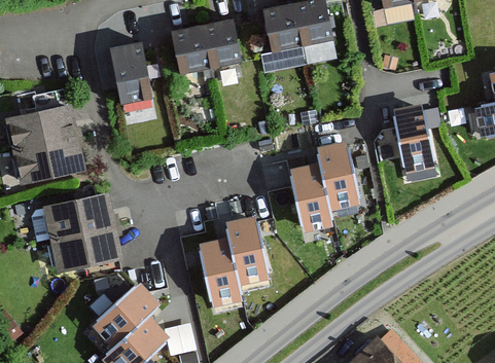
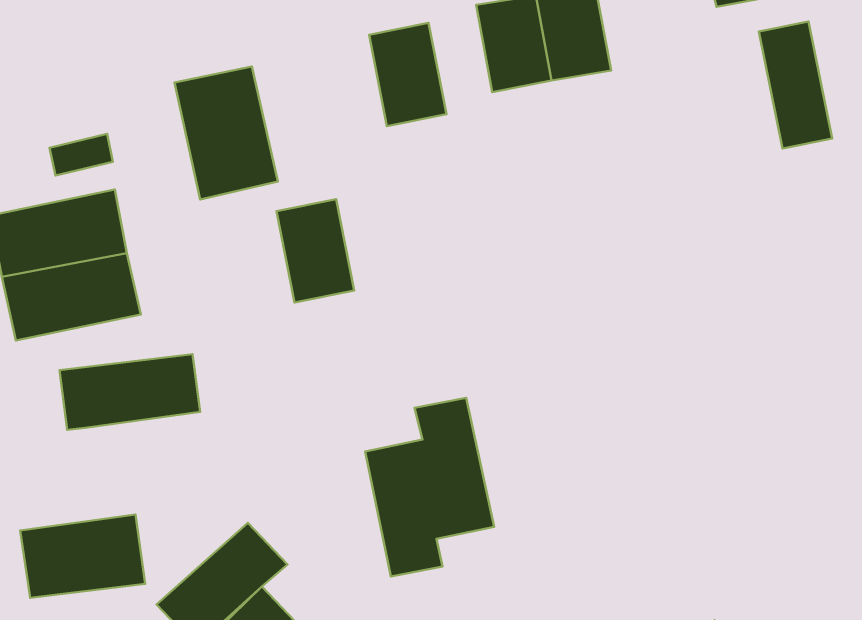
building: [172,29,212,82] -> [277,199,354,302]
building: [394,105,432,171] -> [759,22,832,149]
building: [292,143,356,229] -> none
building: [56,224,120,267] -> [20,515,145,598]

